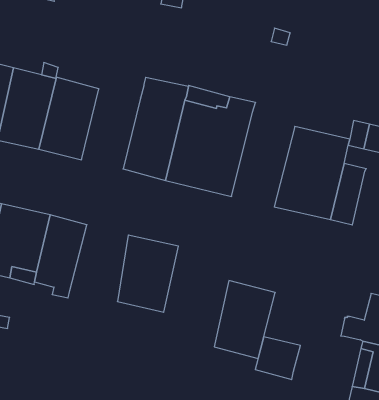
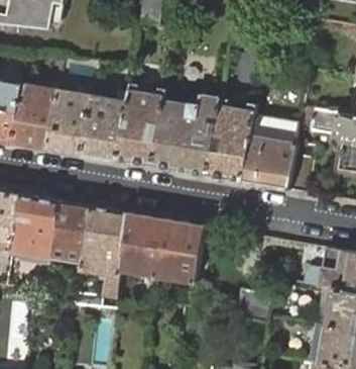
building: none -> [84,90,130,162]
building: none -> [208,100,257,184]
building: none -> [81,209,126,299]
building: [214,281,275,358] -> [159,221,206,283]

